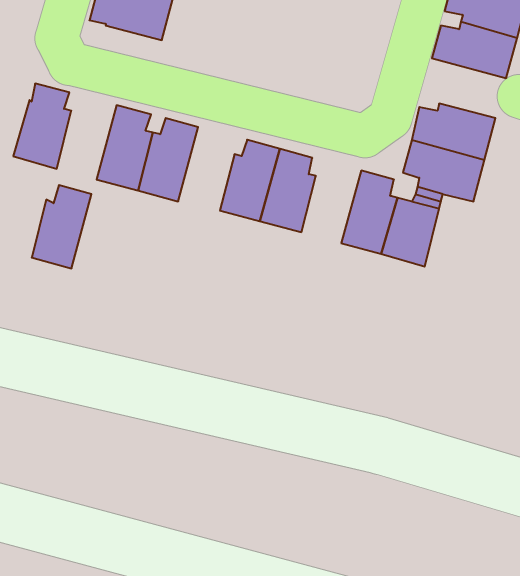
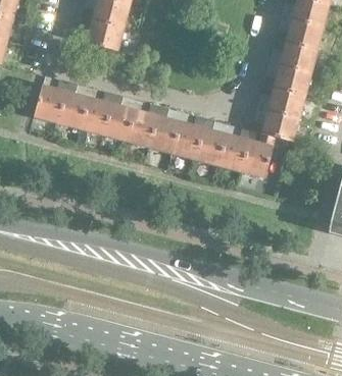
building: none -> [266,61,312,95]
building: none -> [128,100,159,147]
building: none -> [197,119,231,165]
building: [32,185,91,268] -> [59,83,93,129]

